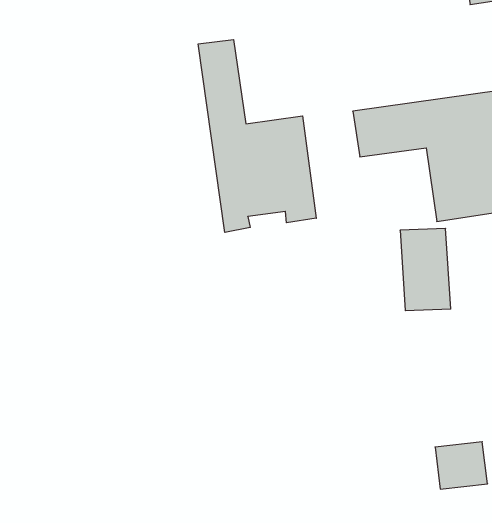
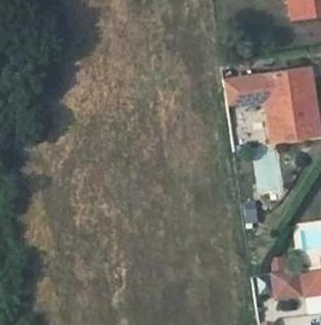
building: [198,40,316,232] -> none

